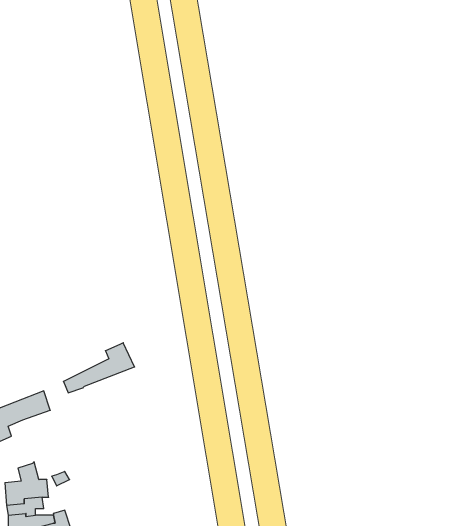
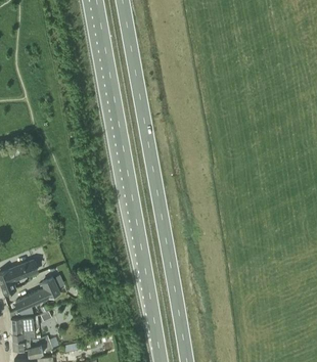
building: [63,343,135,393] -> [15,278,60,310]

